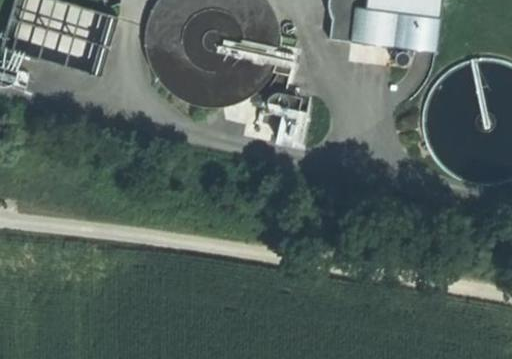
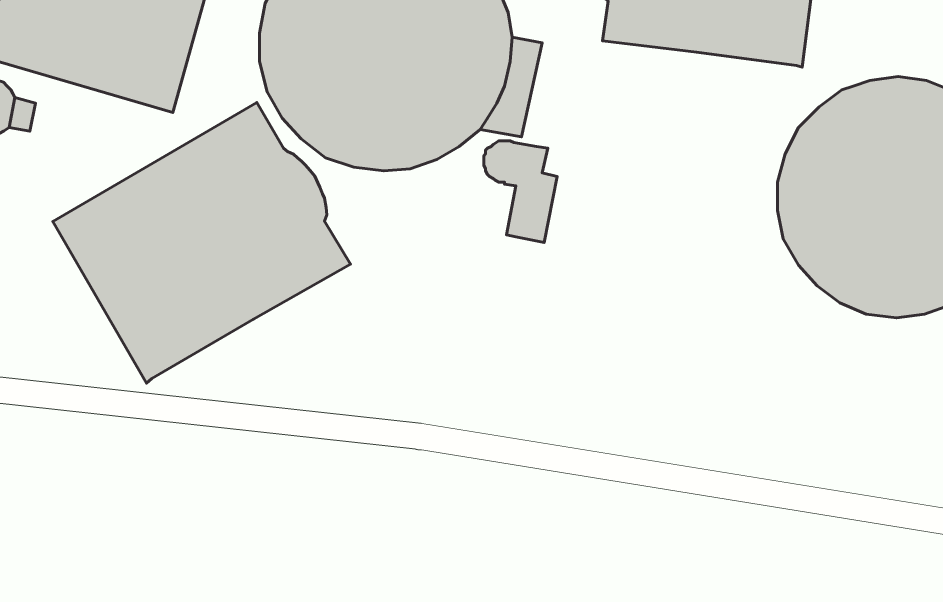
building: none -> [53,103,350,383]

